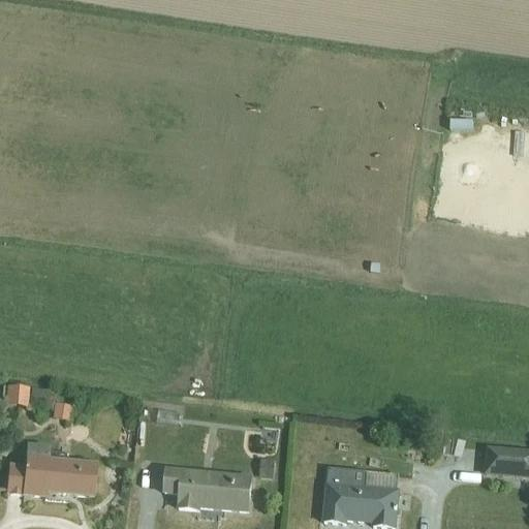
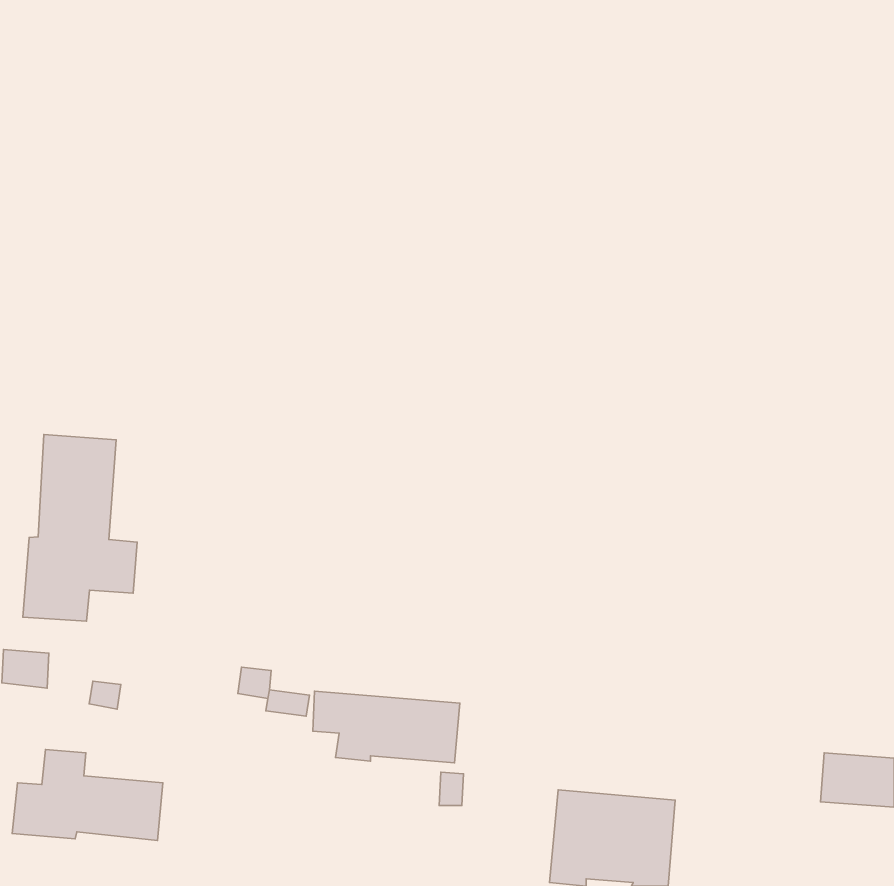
building: none -> [23,435,137,621]
building: [165,467,252,509] -> [313,691,460,763]

